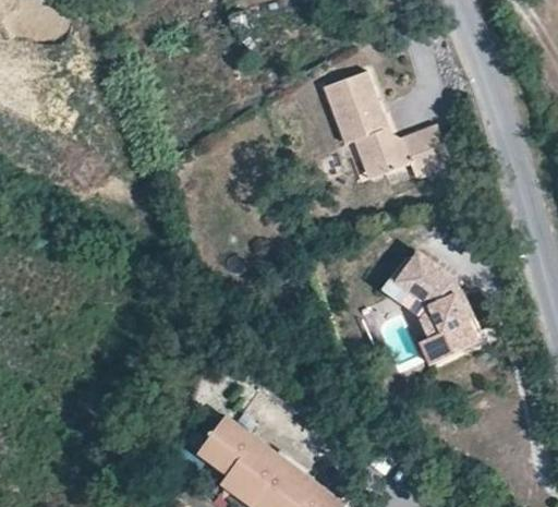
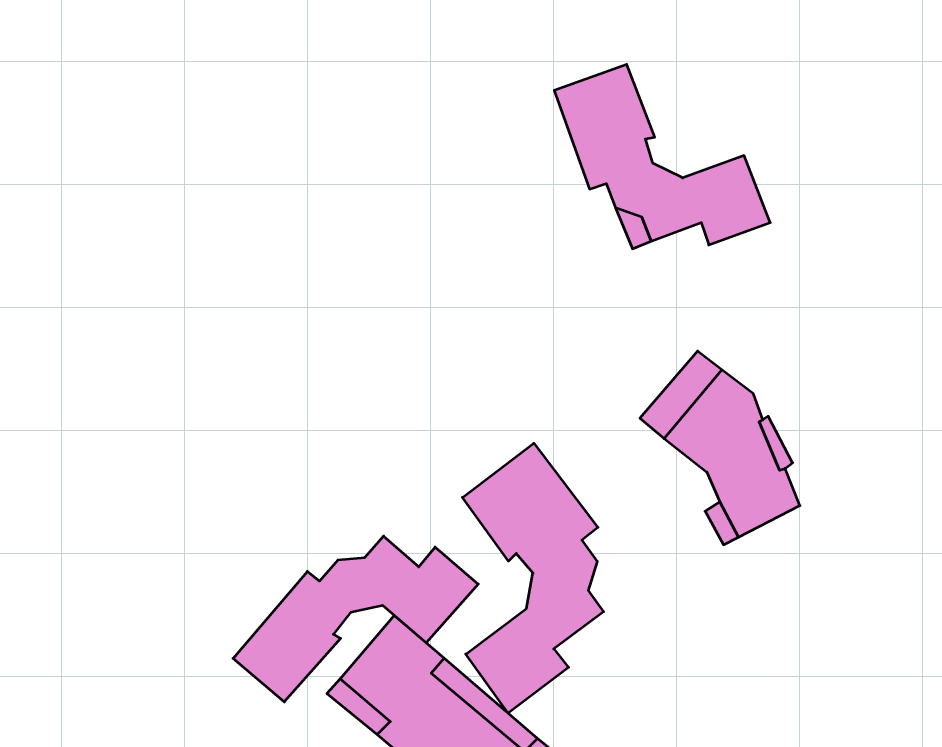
building: none -> [462,443,604,713]
building: none -> [233,536,478,702]

